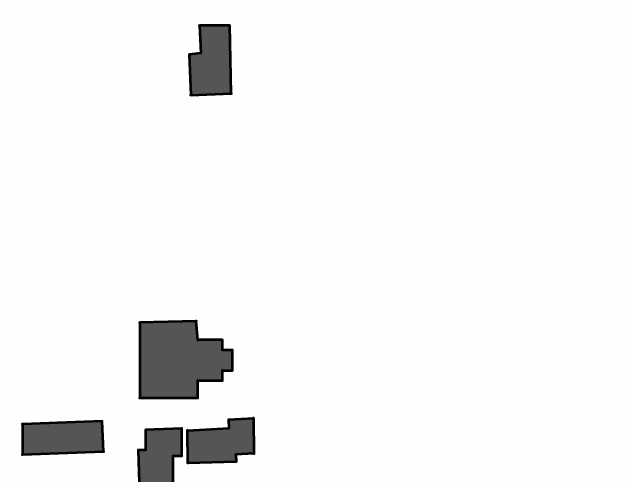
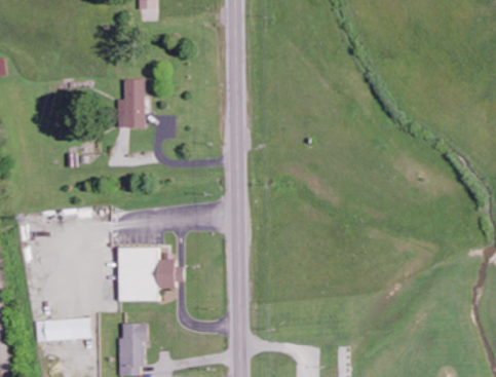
building: [189,26,231,95] -> [117,79,147,128]
building: [187,418,254,463] -> none

